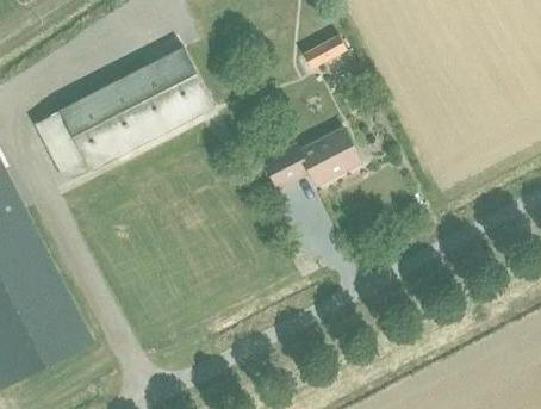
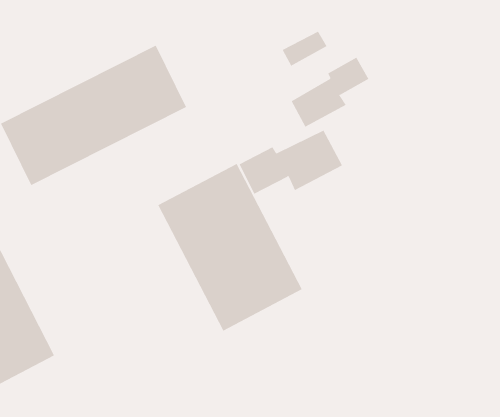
building: none -> [291,57,369,128]
building: none -> [158,163,302,331]

